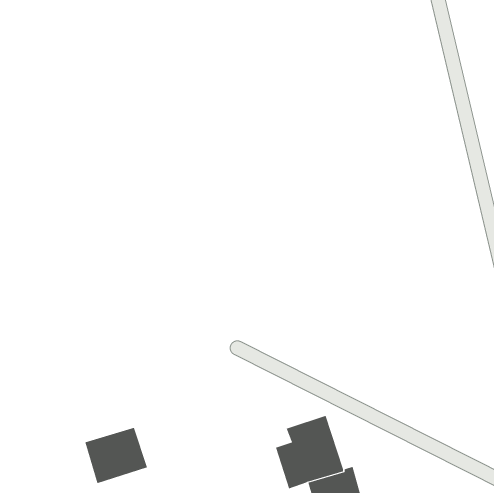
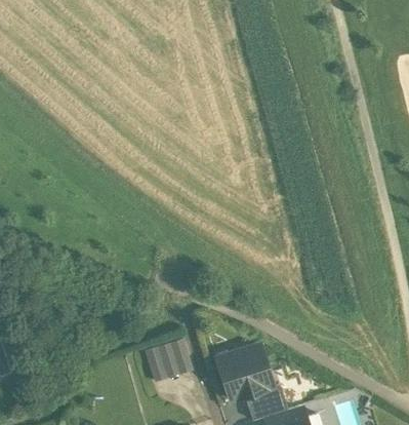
building: [85,427,148,484] -> [145,339,193,382]

